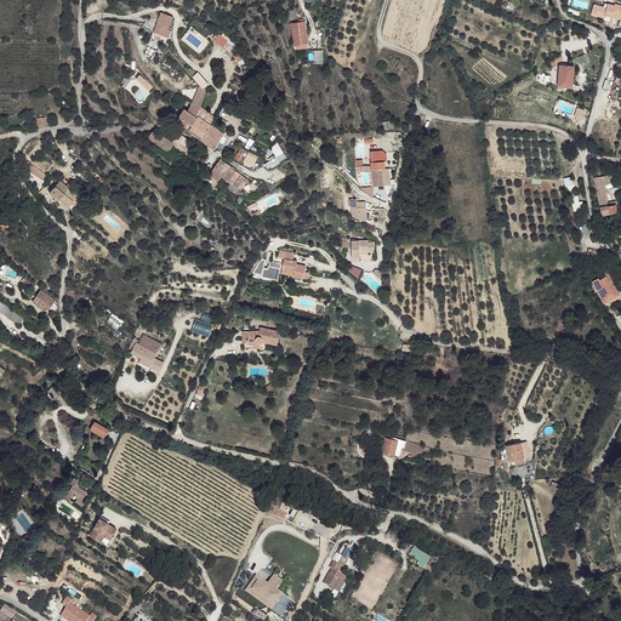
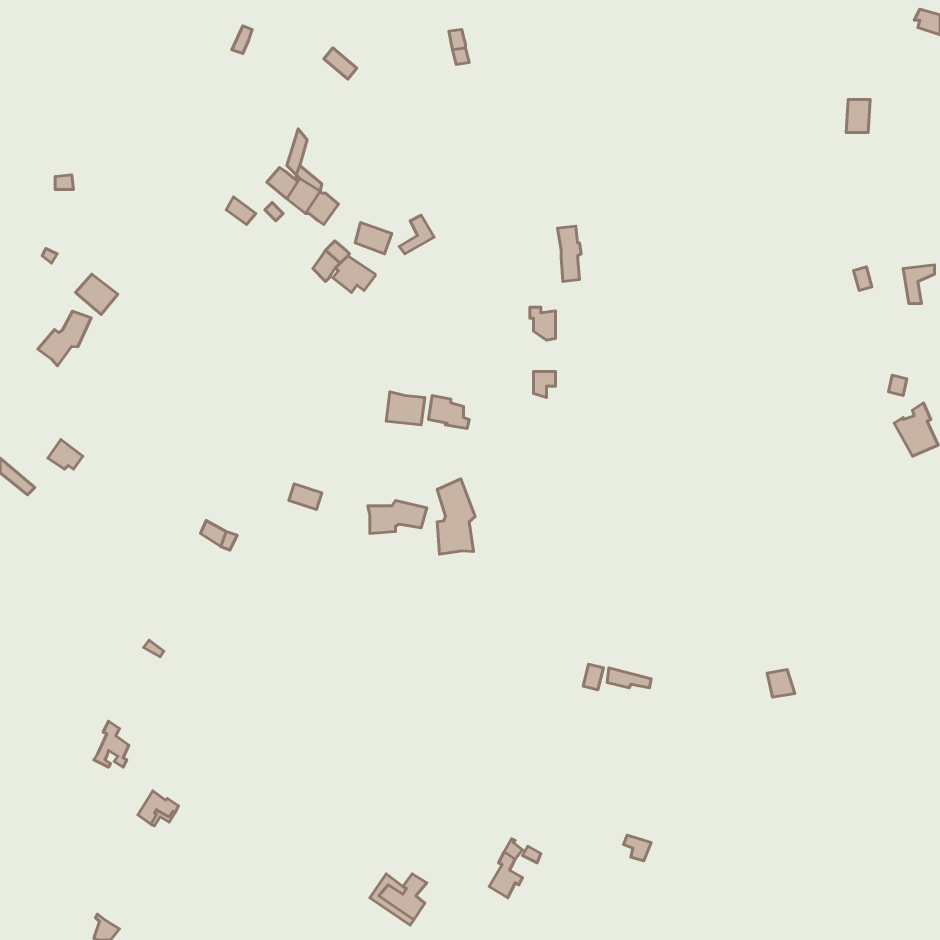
building: none -> [38,311,91,366]
building: none -> [437,479,475,554]

